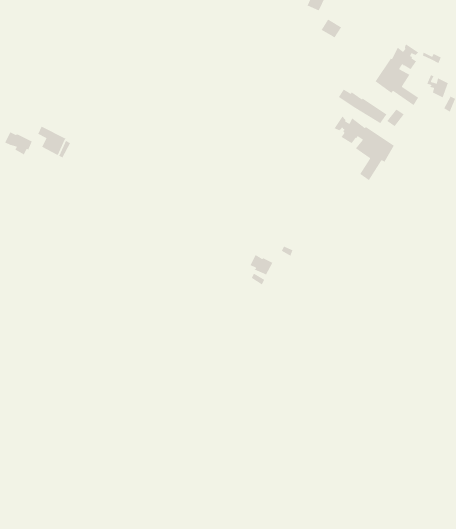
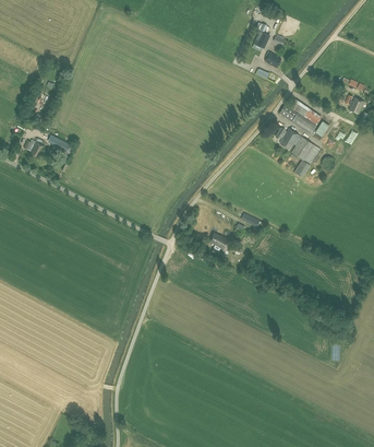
building: [374,43,419,106] -> none

